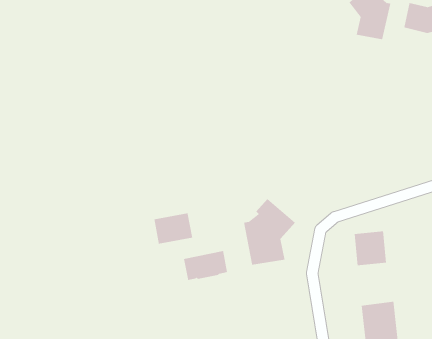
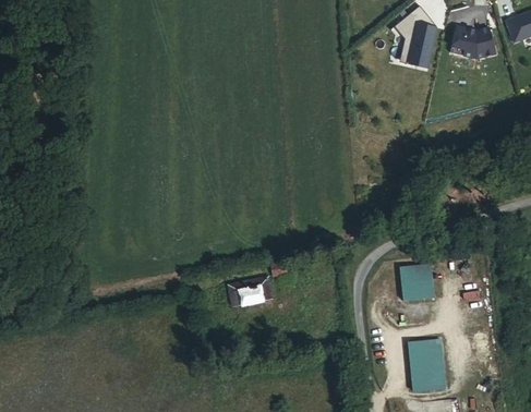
building: [243,198,296,265] -> none
building: [154,212,193,244] -> none

